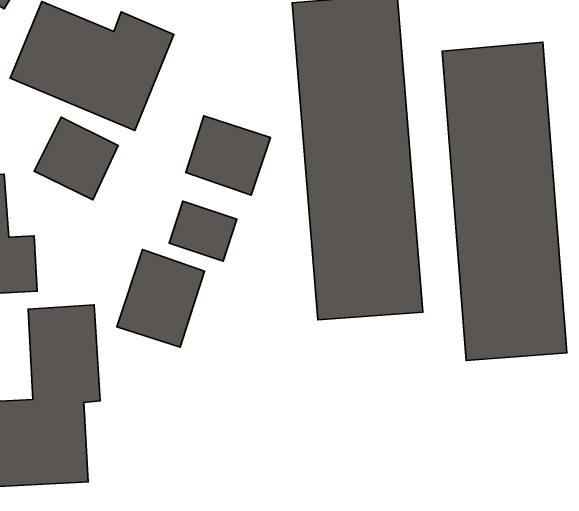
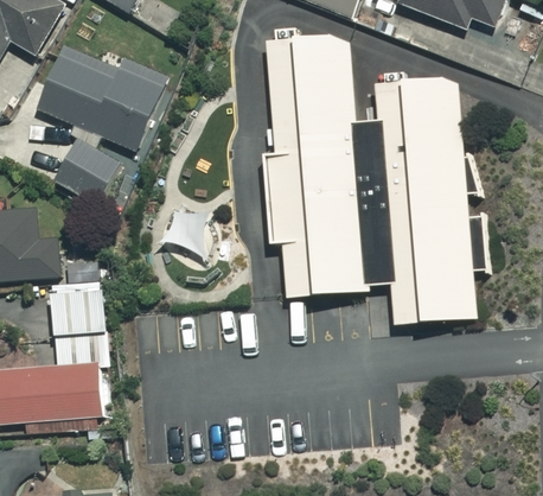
building: [186,116,271,195] -> none
building: [117,250,205,347] -> none

